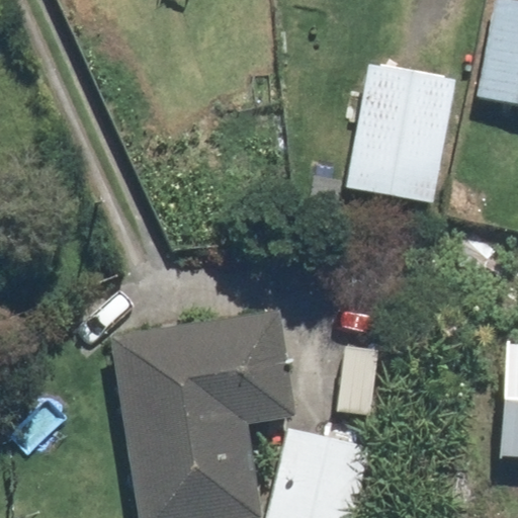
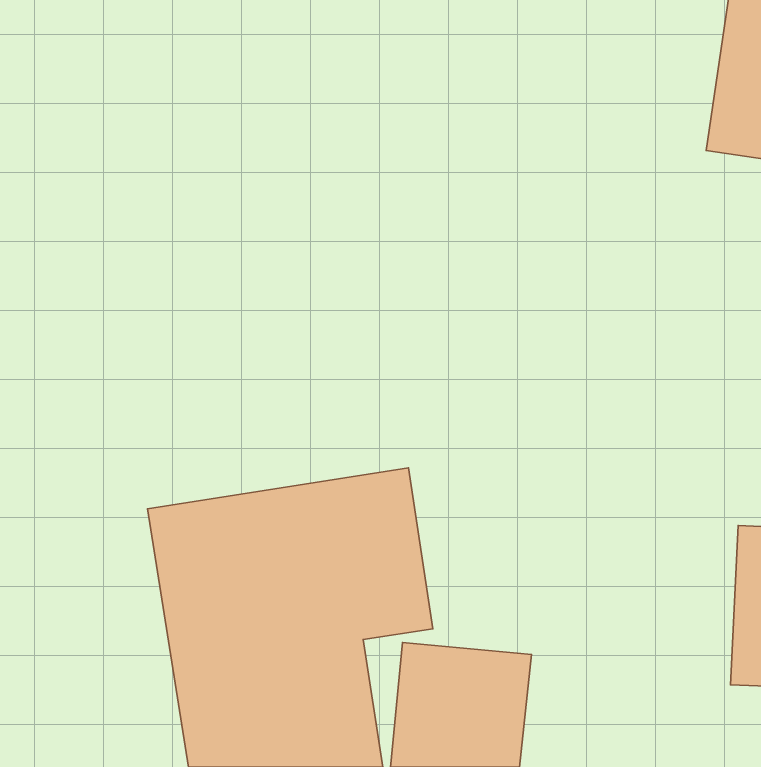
building: [352,65,453,200] -> none

